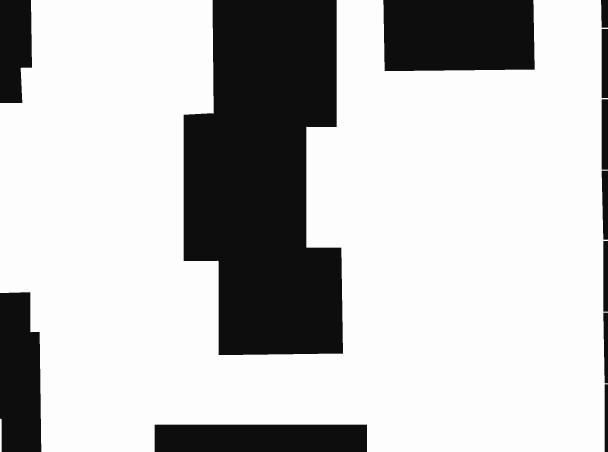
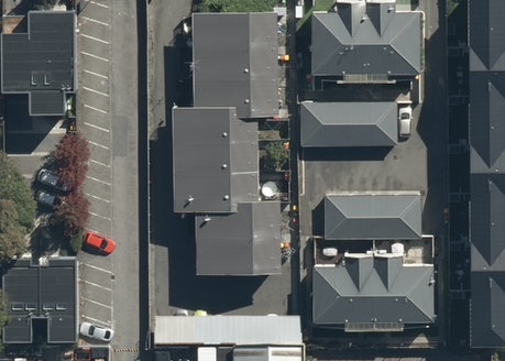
building: none -> [307,102,400,149]
building: none -> [328,194,419,239]
building: none -> [318,263,436,324]

